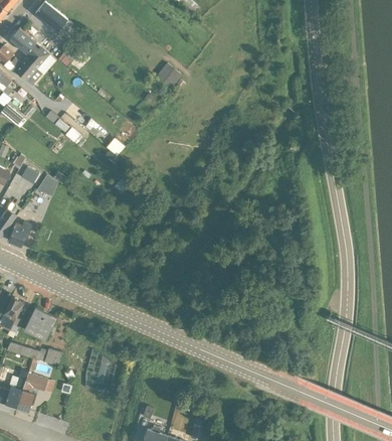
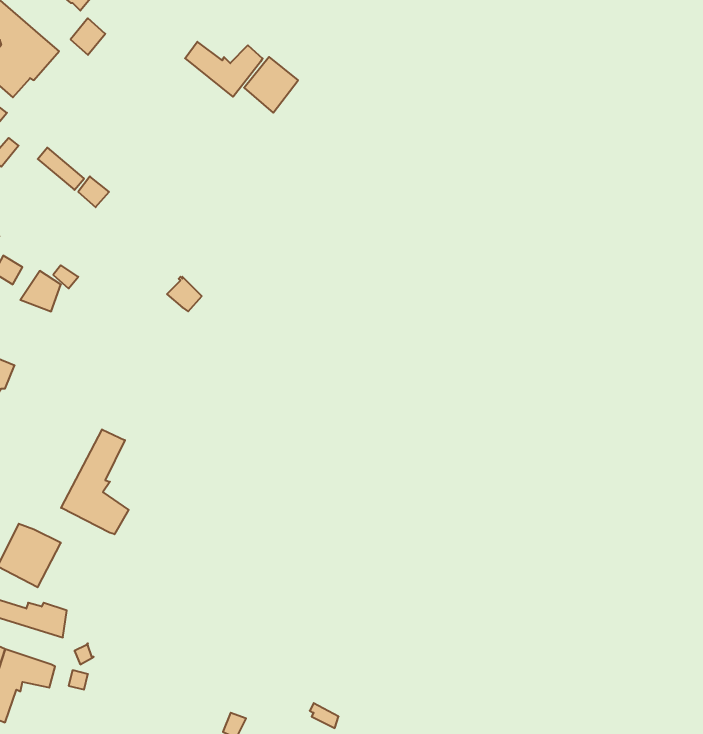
building: none -> [185,42,263,97]
building: none -> [61,429,129,534]

